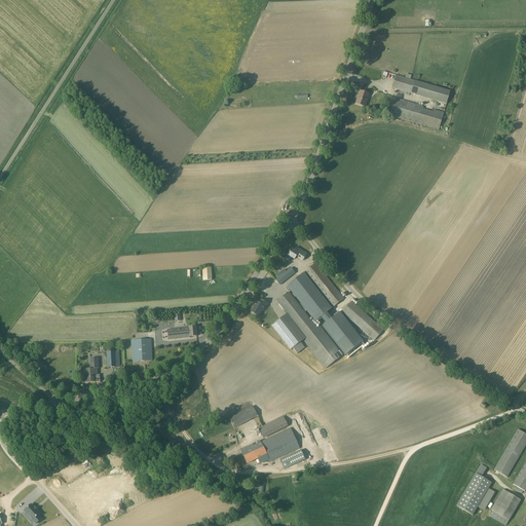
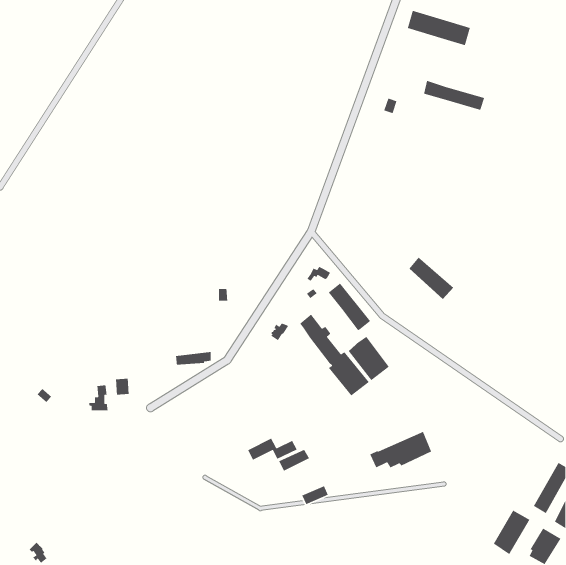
building: [384,96,444,129] -> [407,10,471,46]
building: [288,276,328,320] -> none
building: [342,300,384,340] -> [409,256,454,300]
building: [271,313,305,349] -> none
building: [132,338,152,361] -> none
building: [240,427,299,462] -> [369,431,432,469]

